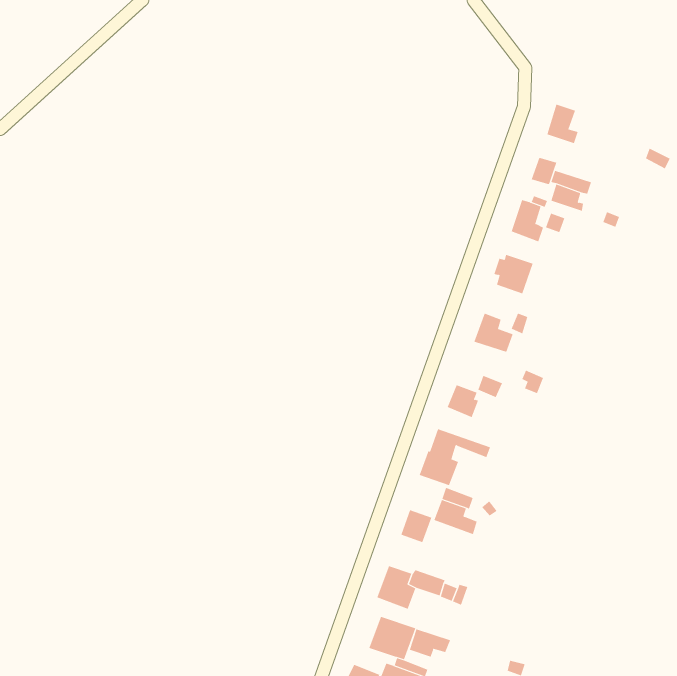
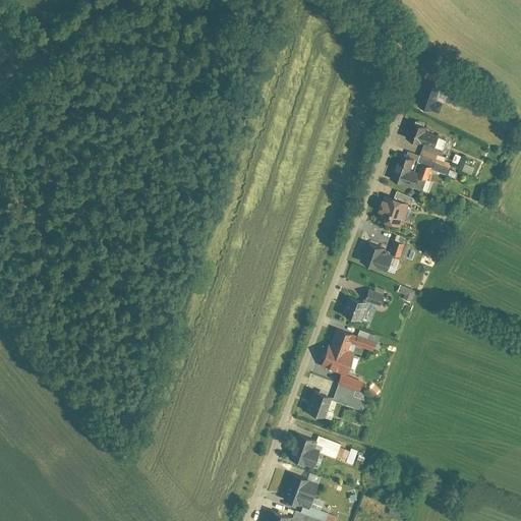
building: [409,628,451,657] -> none

